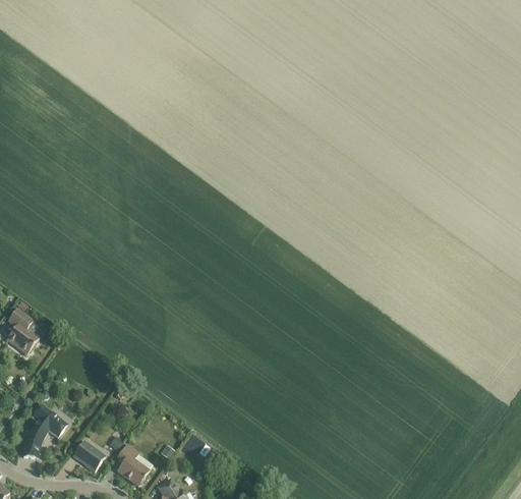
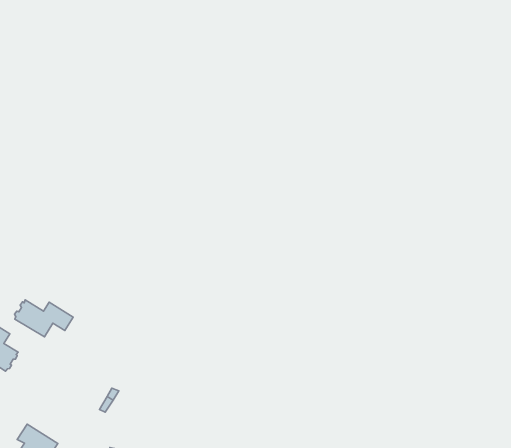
building: none -> [15,300,73,337]

